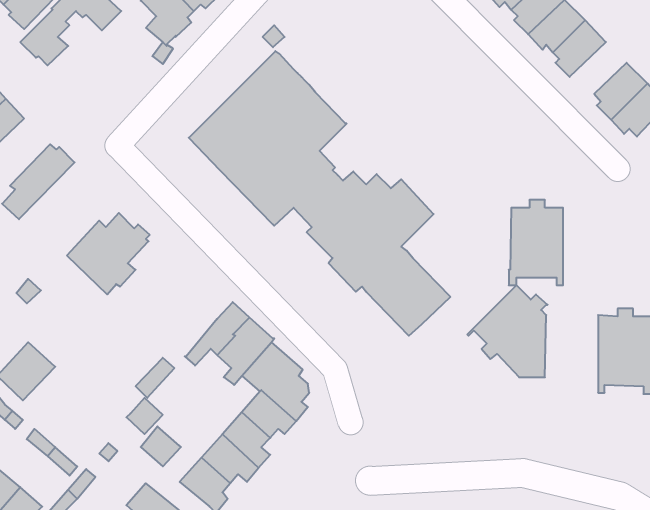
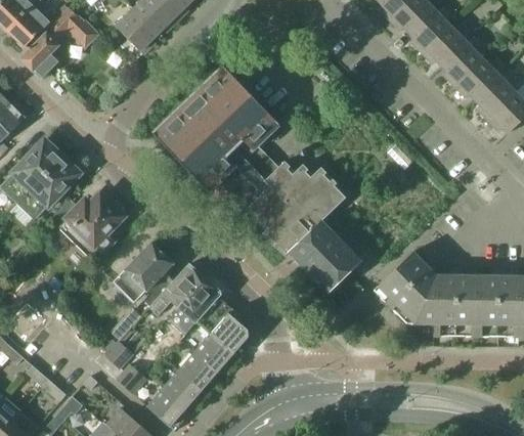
building: none -> [454,58,499,99]
building: none -> [19,154,79,212]
building: [509,200,563,285] -> [434,268,477,336]
building: none -> [113,243,176,307]

